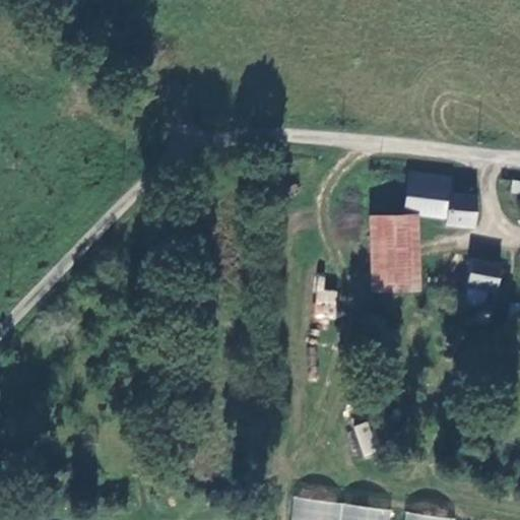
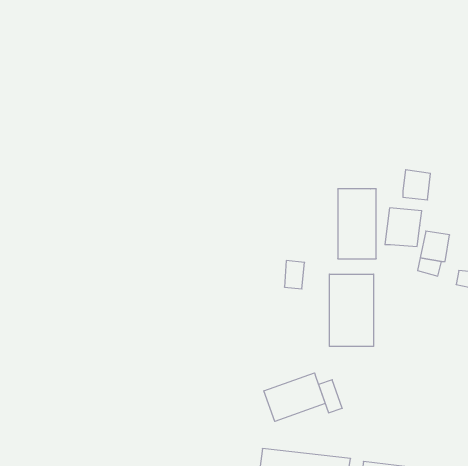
building: [411,172,452,214] -> [385,208,422,246]
building: none -> [329,274,374,346]
building: none -> [264,373,325,421]

